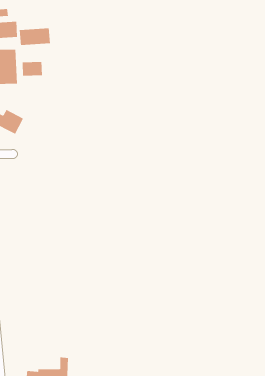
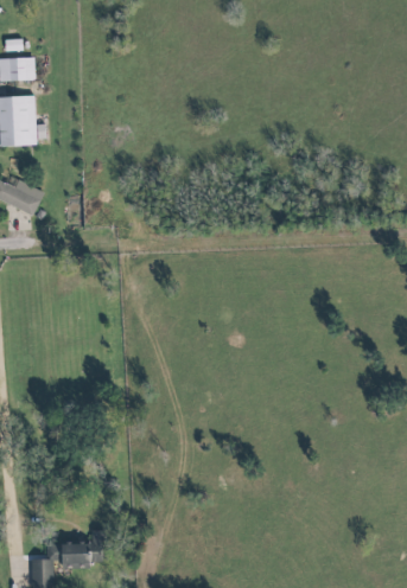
building: [19,27,51,46] -> none
building: [22,61,42,76] -> none

